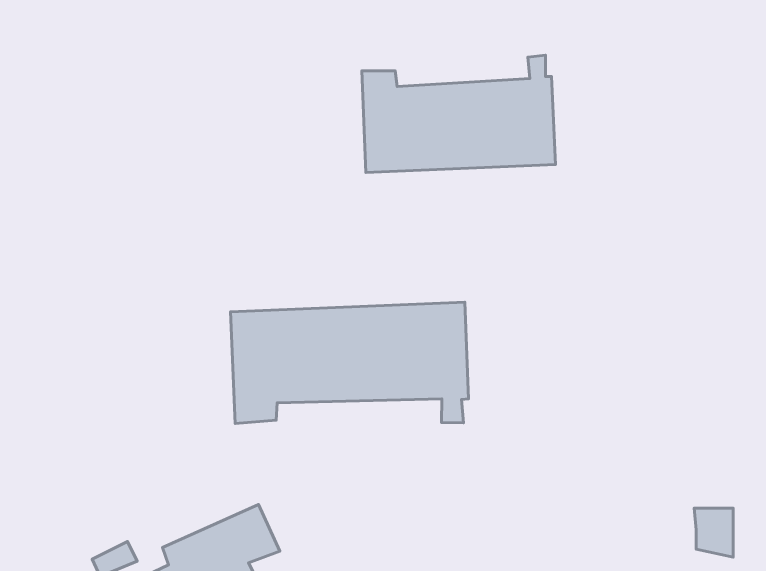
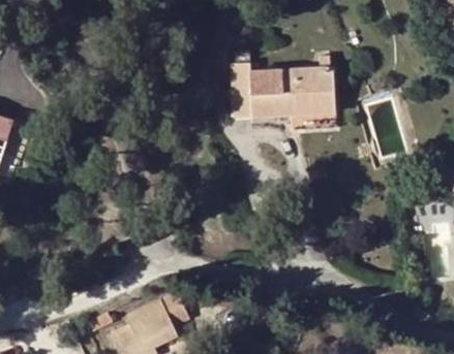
building: [230,302,469,423] -> none

